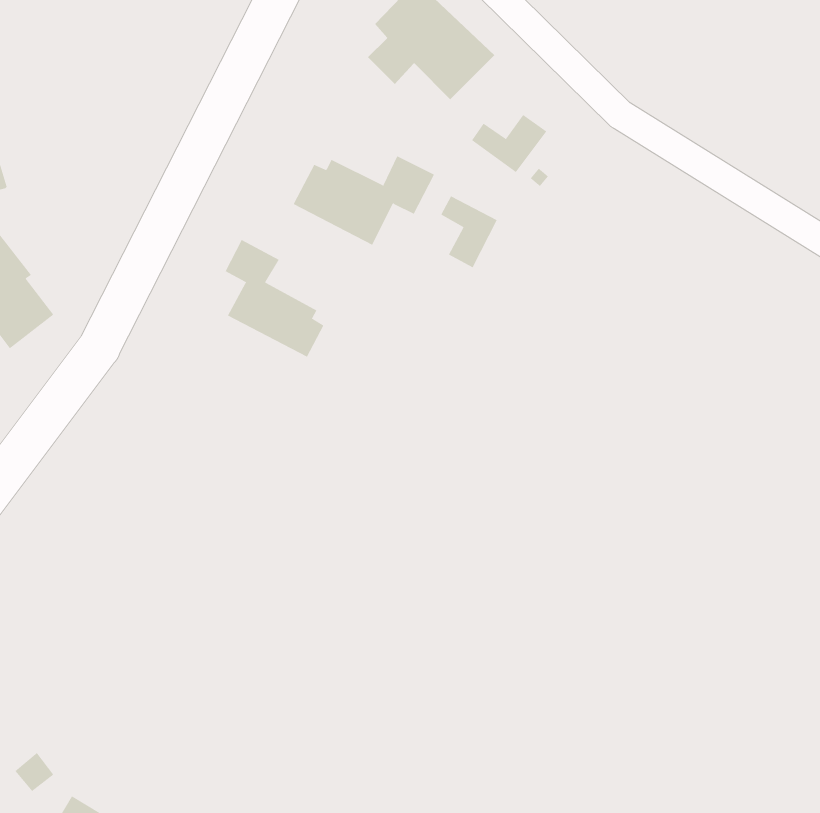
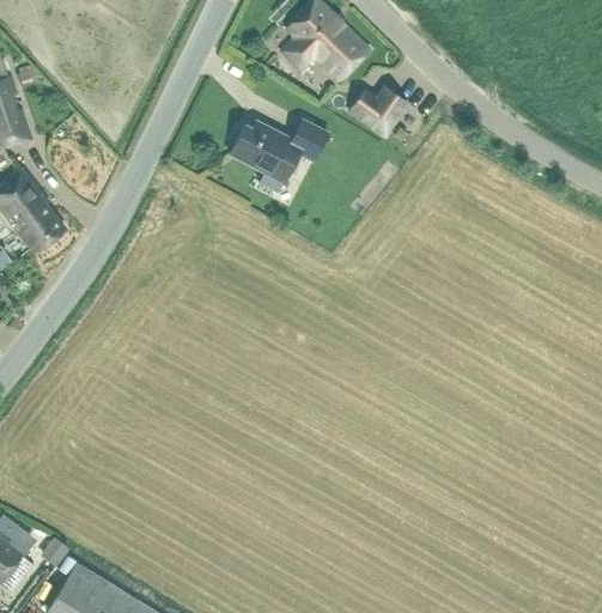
building: [440,196,497,268] -> none
building: [225,239,324,358] -> none

